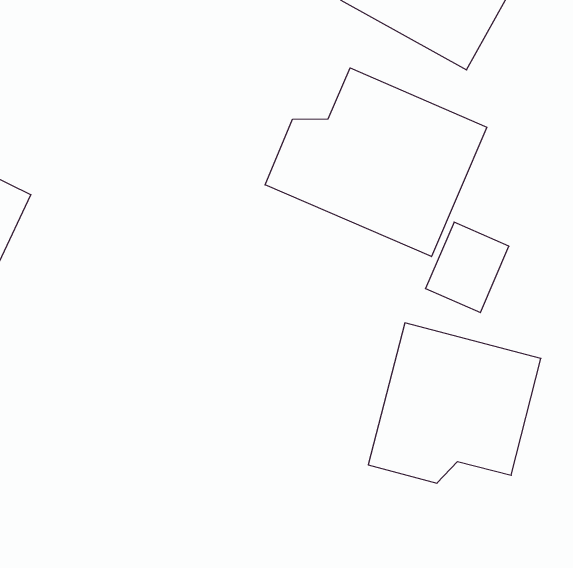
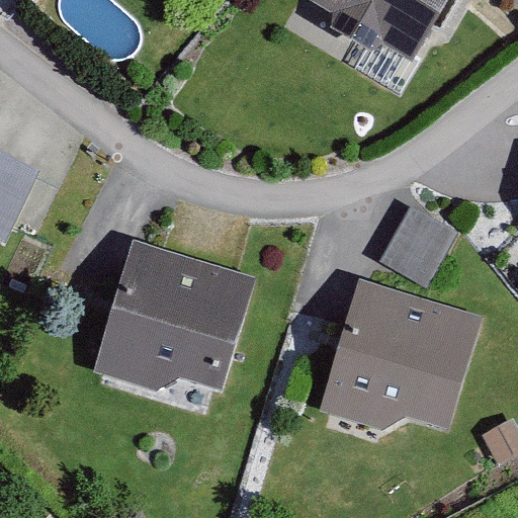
building: [265,68,487,257] -> none
building: none -> [92,243,254,387]

